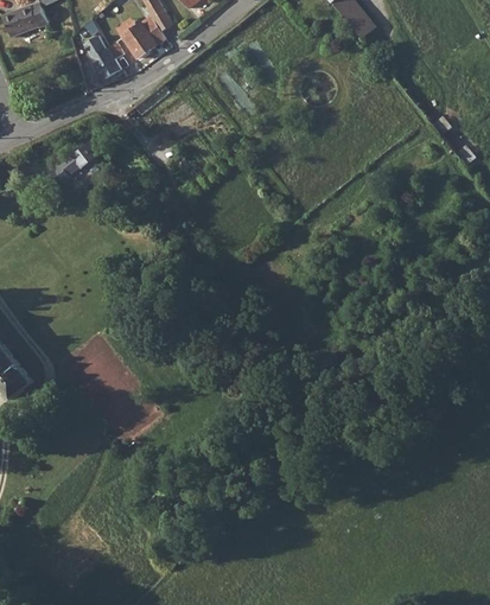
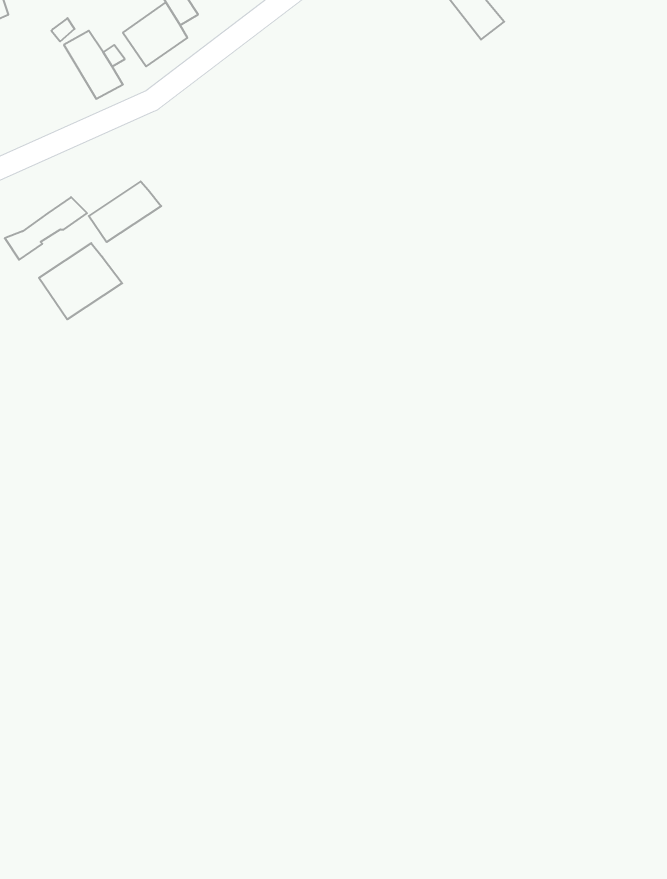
building: none -> [89,181,161,242]
building: none -> [39,243,122,319]

